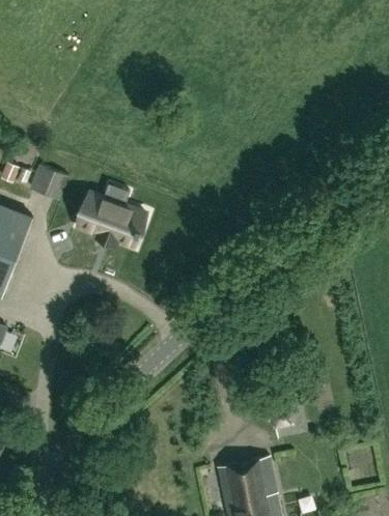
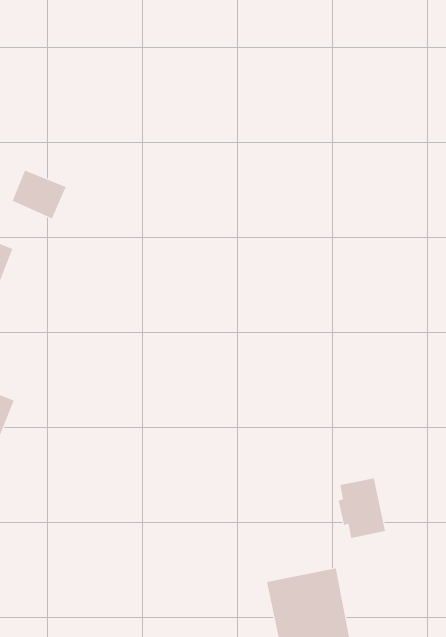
building: [78,183,145,246] -> none

